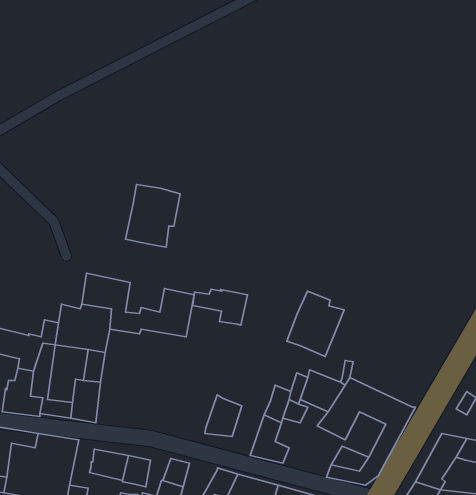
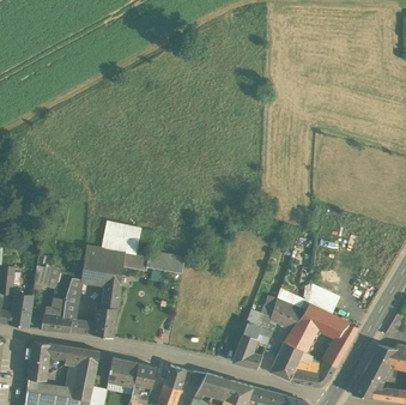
building: [126,185,180,247] -> none
building: [193,289,247,325] -> none
building: [287,291,344,356] -> none
building: [205,395,242,436] -> none
building: none -> [268,340,304,381]

